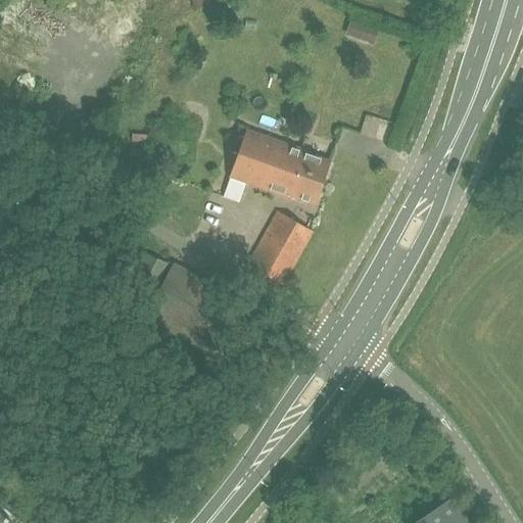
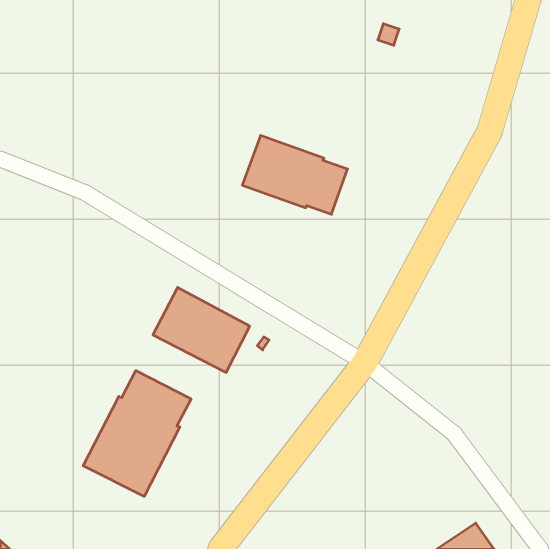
building: [249,211,313,282] -> none
building: none -> [83,371,191,496]

